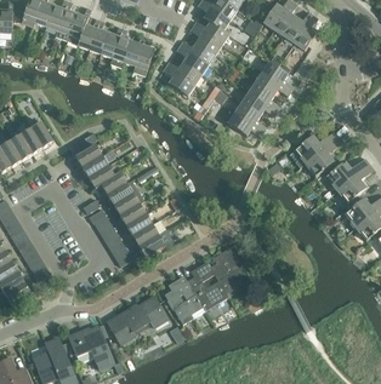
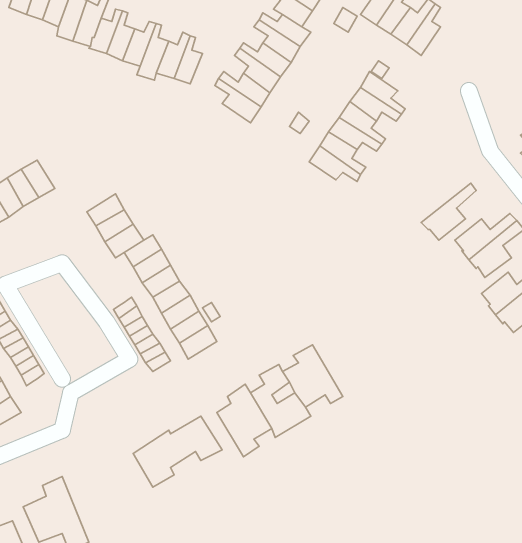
building: [295,131,337,164] -> none
building: [68,326,114,369] -> none

